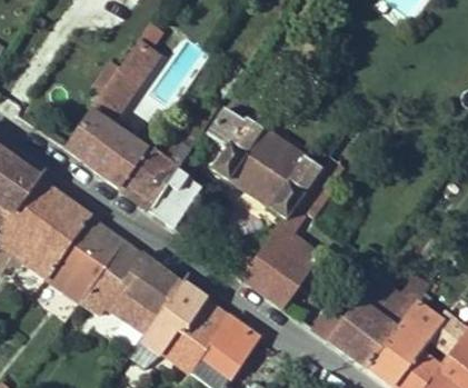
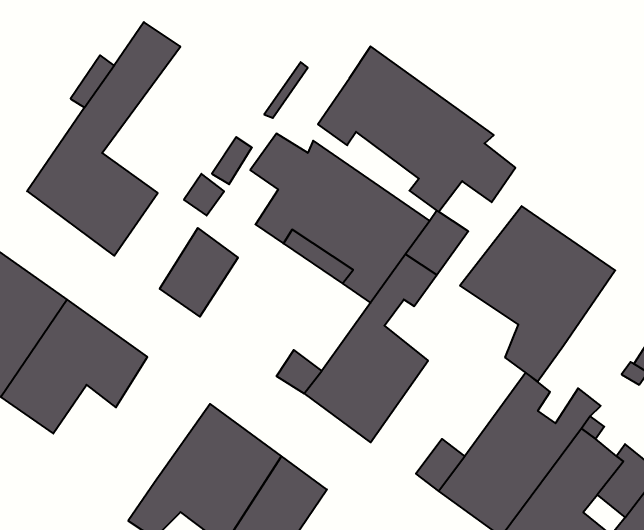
building: none -> [318,46,515,212]
building: [120,147,177,209] -> none
building: none -> [460,206,615,381]
building: [81,252,181,332] -> none

